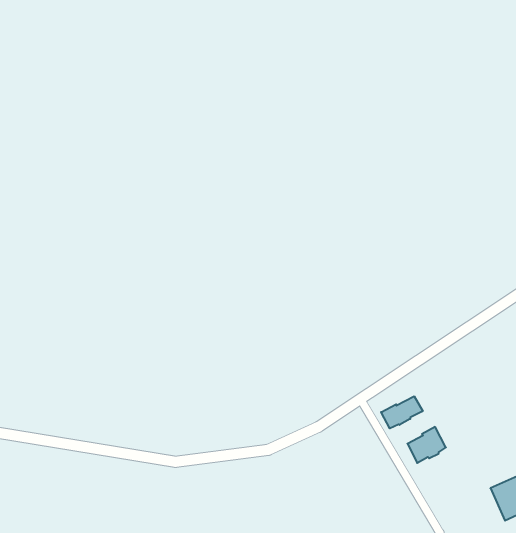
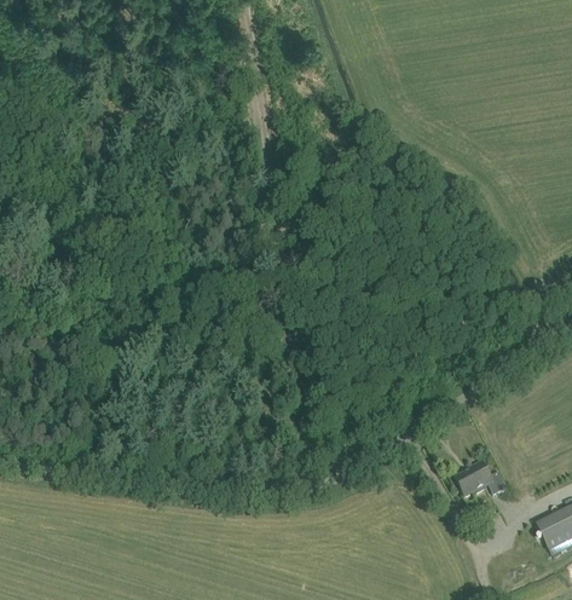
building: [381,396,423,428] -> none

